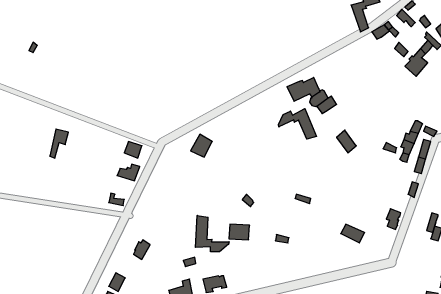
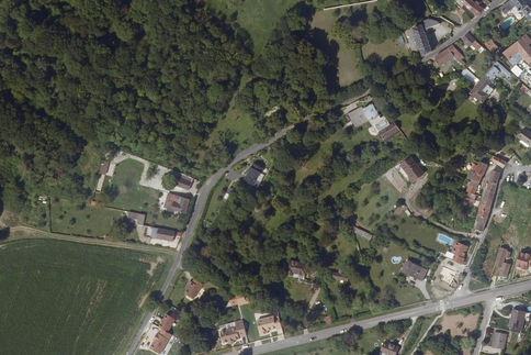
building: [278,109,316,139] -> none
building: [195,215,229,252] -> none

